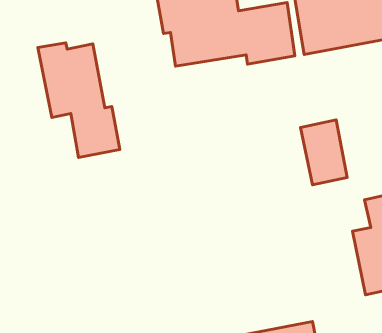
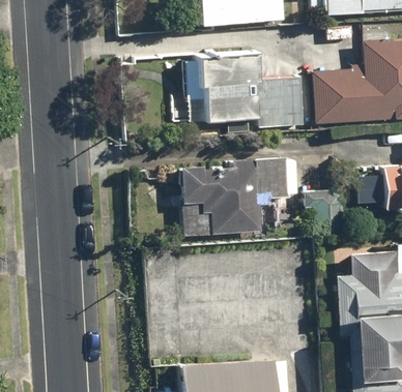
building: [38,43,120,158] -> none
building: none -> [174,159,281,237]

